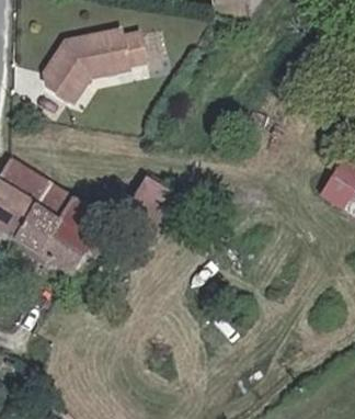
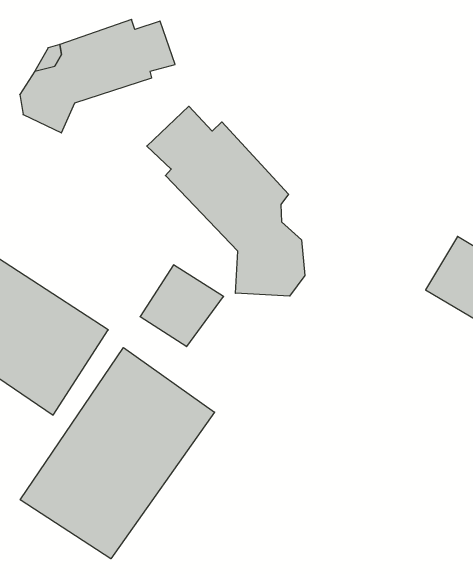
building: none -> [147,106,305,296]
building: none -> [20,348,215,559]

